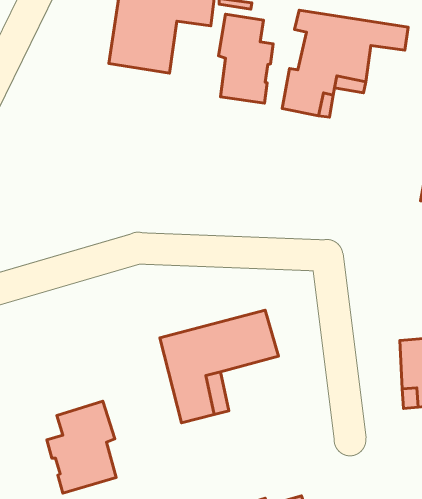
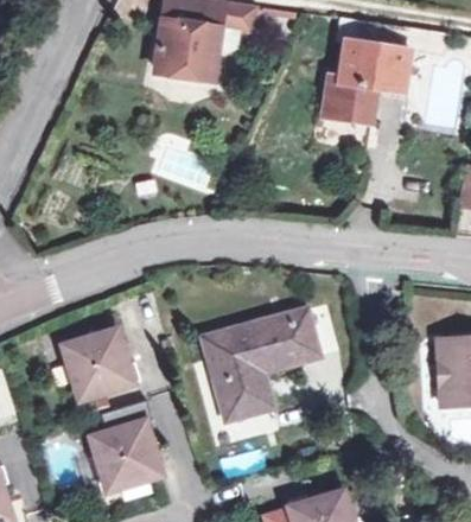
building: [219,14,273,103] -> none
building: none -> [63,331,139,400]

